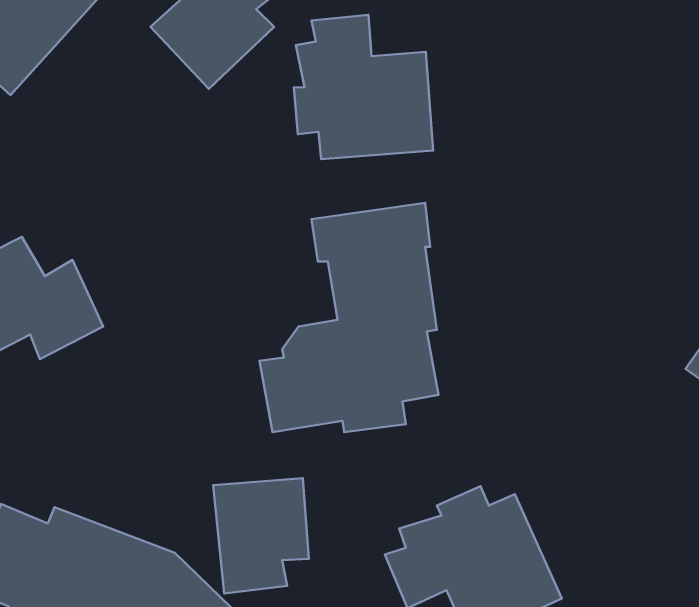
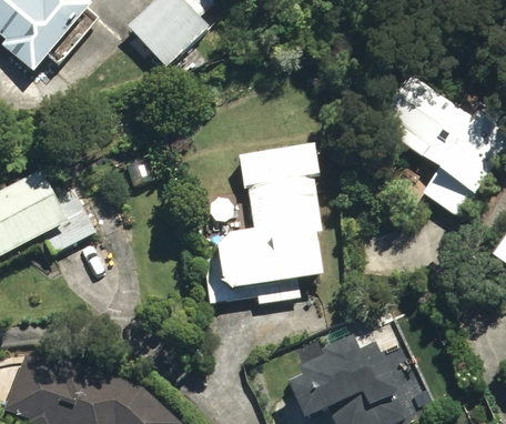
building: [294,15,433,159] -> none
building: none -> [365,69,492,185]
building: [213,478,309,594] -> none

